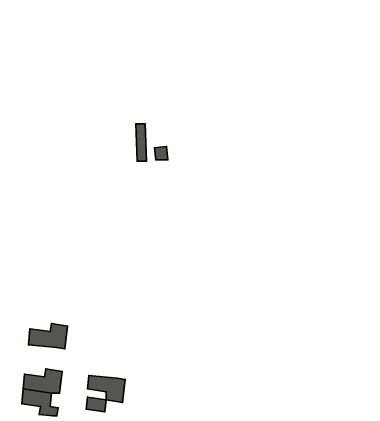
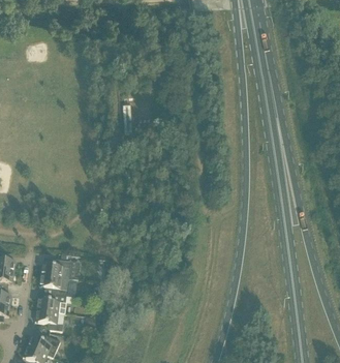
building: [88,376,125,402] -> [38,276,67,297]

